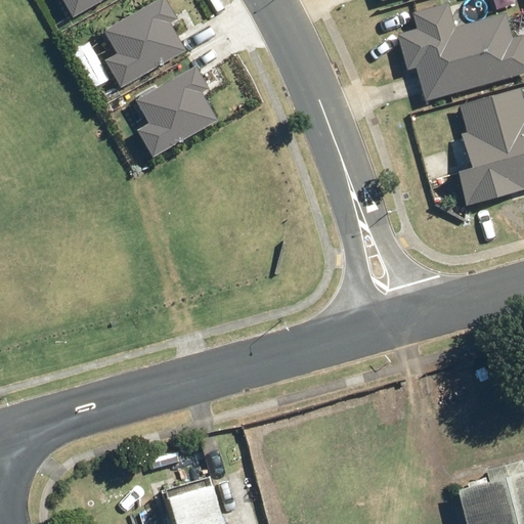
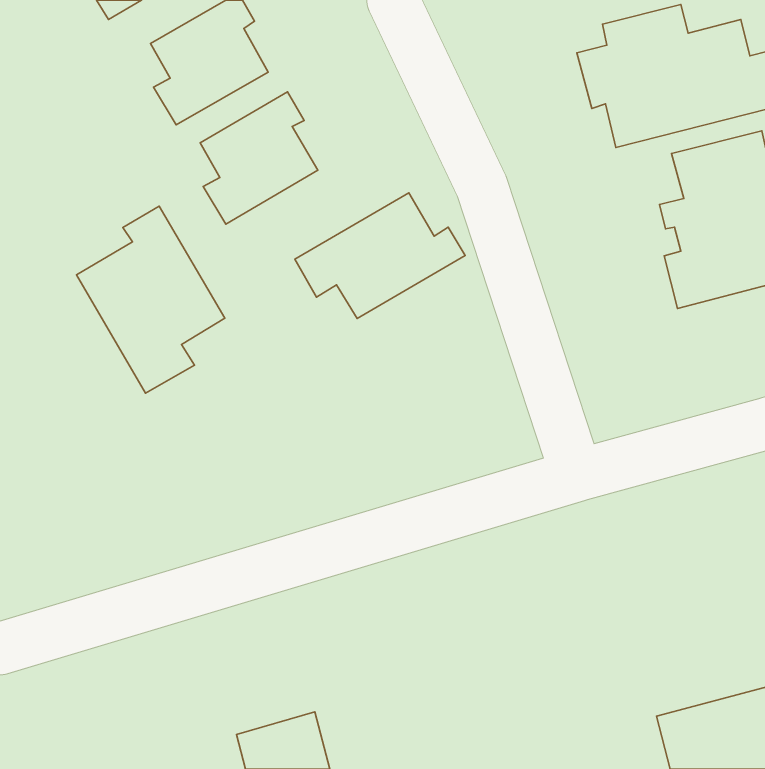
building: none -> [295,193,465,319]
building: none -> [77,206,225,393]

